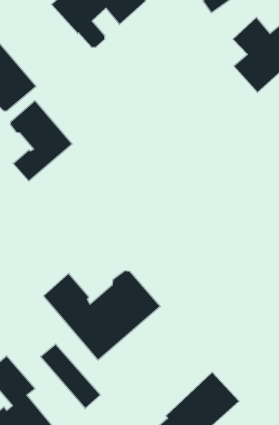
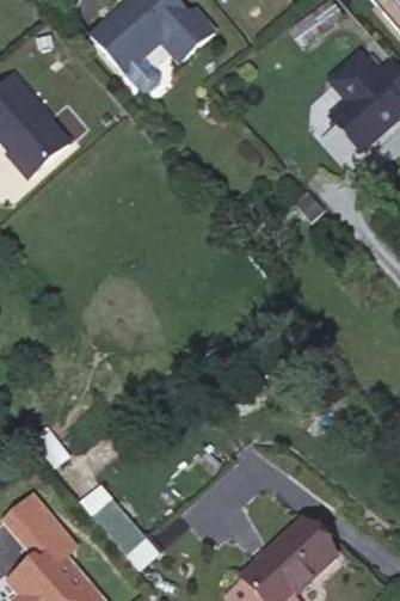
building: [10,101,72,181] -> none
building: [43,271,160,360] -> none

